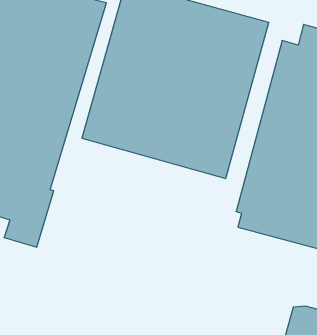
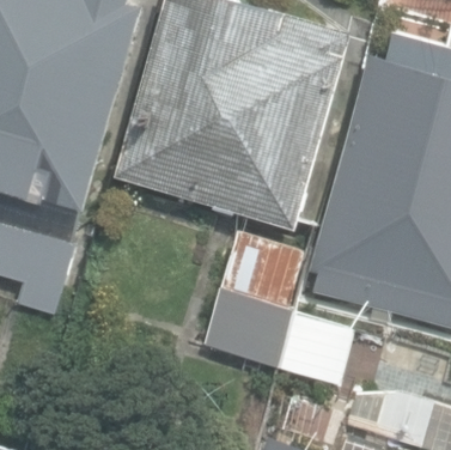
building: none -> [201,229,351,385]

